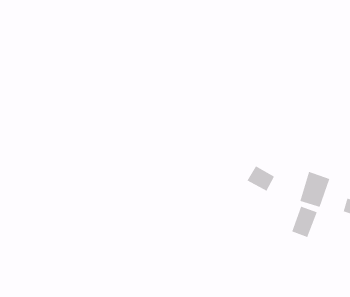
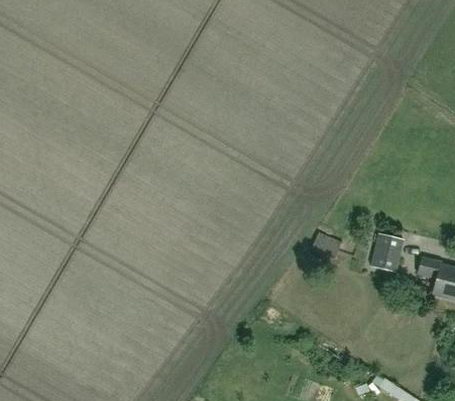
building: [292,206,318,238] -> none

